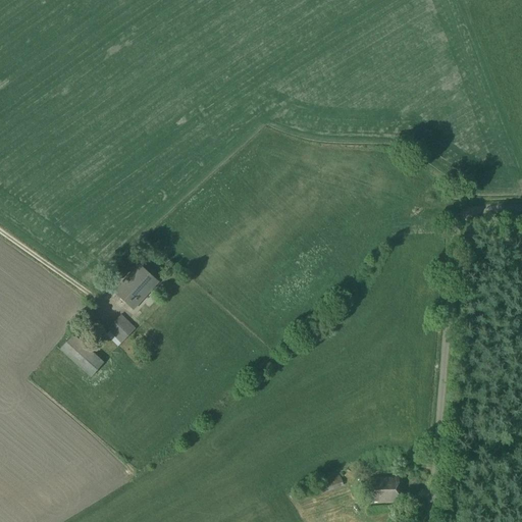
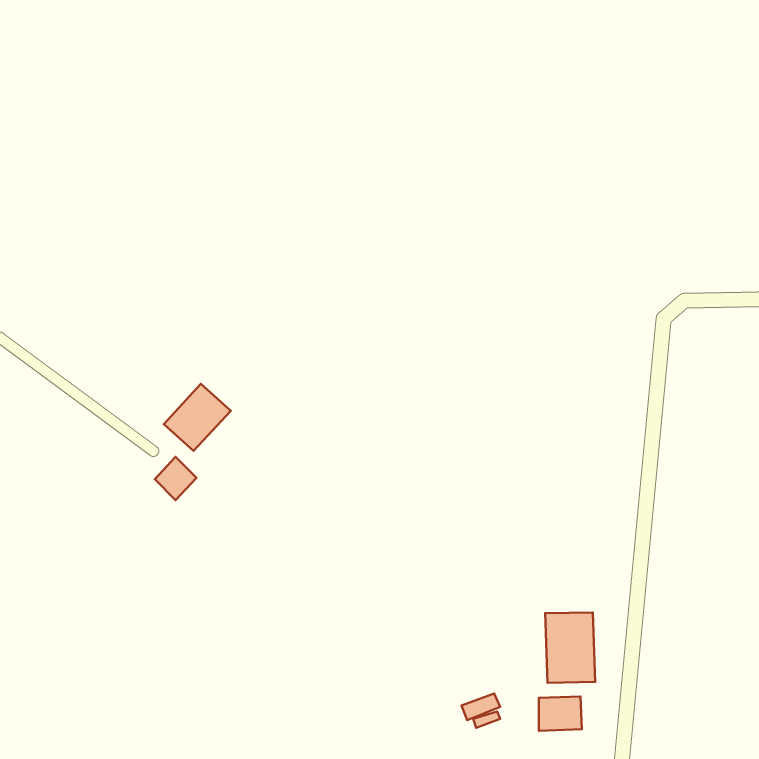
building: [60,333,104,376] -> none
building: none -> [545,612,595,683]

